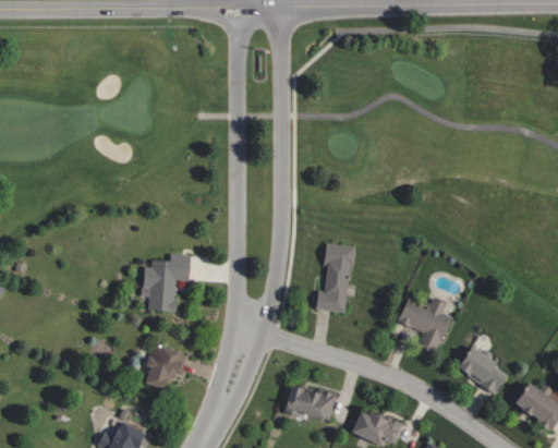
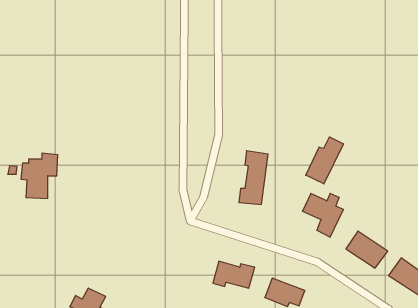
building: none -> [306,137,343,184]
building: [142,252,190,311] -> [21,153,58,198]
building: [143,344,189,389] -> none

